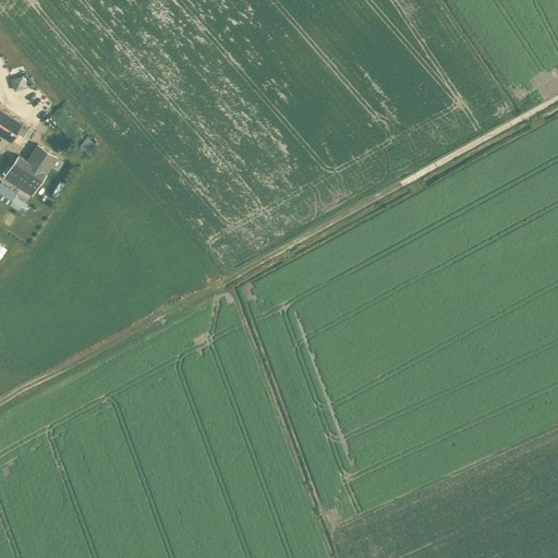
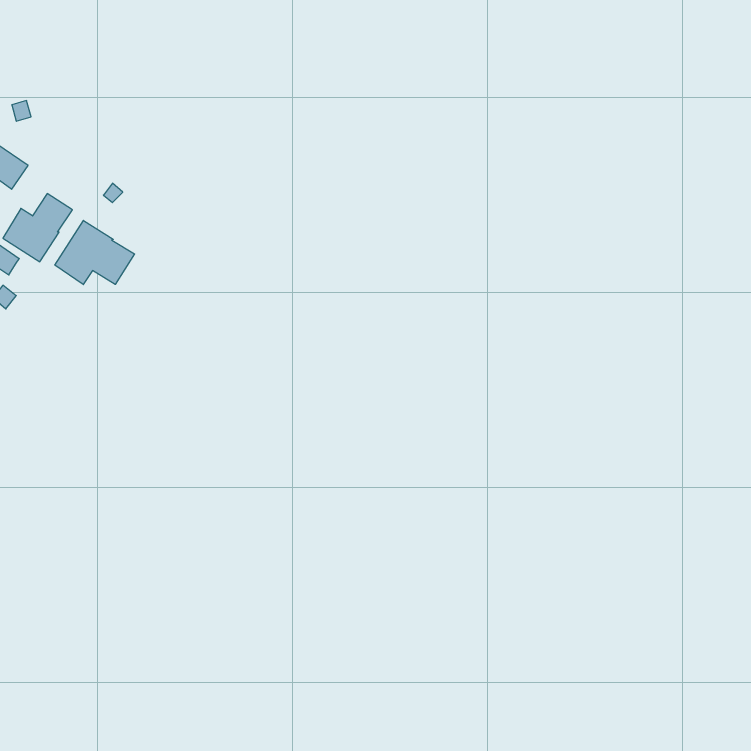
building: none -> [55,220,135,285]

